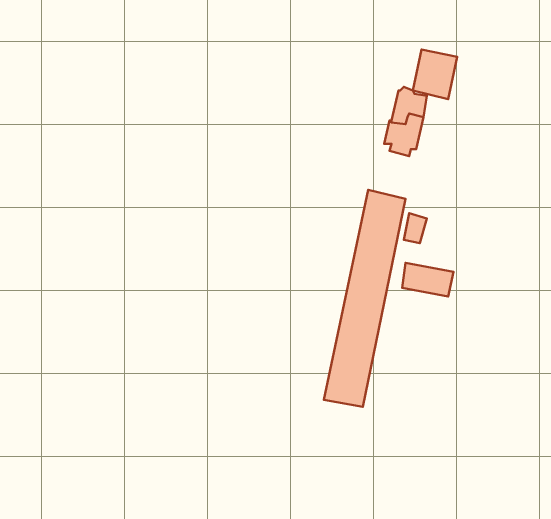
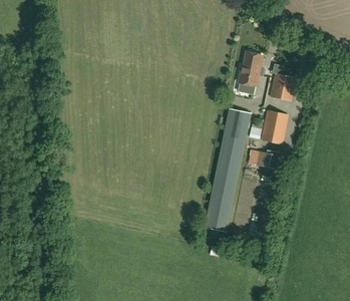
building: [413,50,457,99] -> [271,73,296,101]
building: none -> [262,110,288,143]

